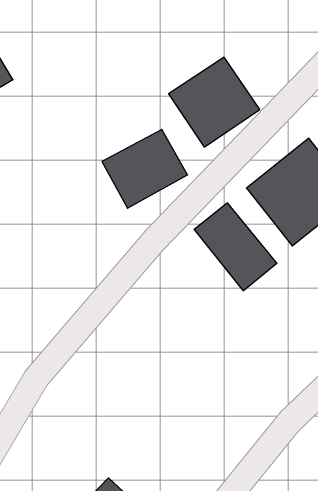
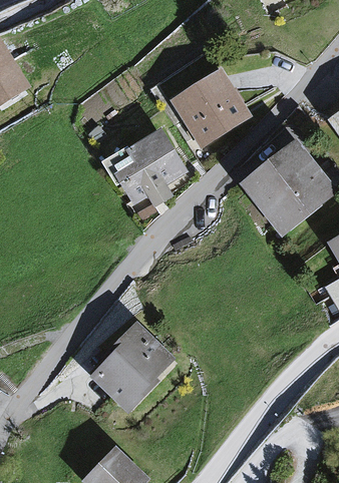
building: [194,203,277,291] -> none
building: none -> [87,323,175,410]

